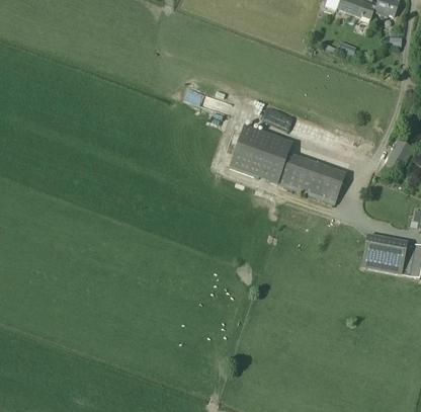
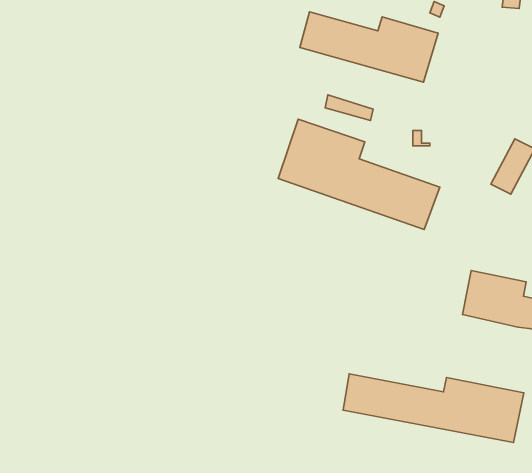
building: none -> [300,12,438,82]
building: none -> [343,374,524,442]

